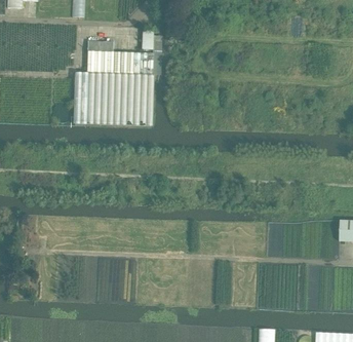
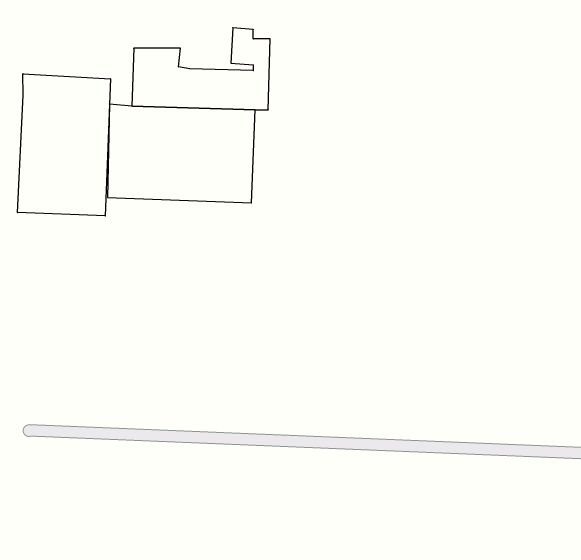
building: none -> [18,74,110,216]

